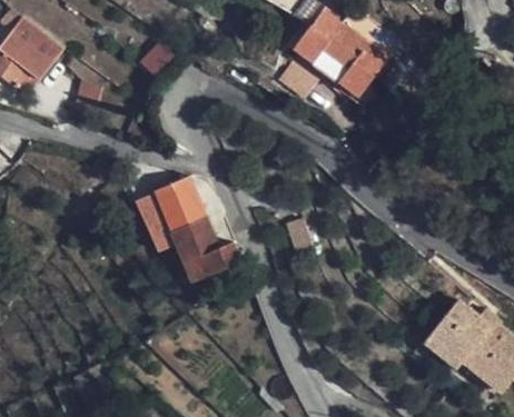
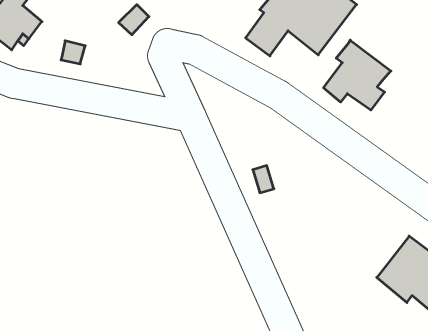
building: none -> [324,40,391,110]
building: [148,175,243,281] -> none

